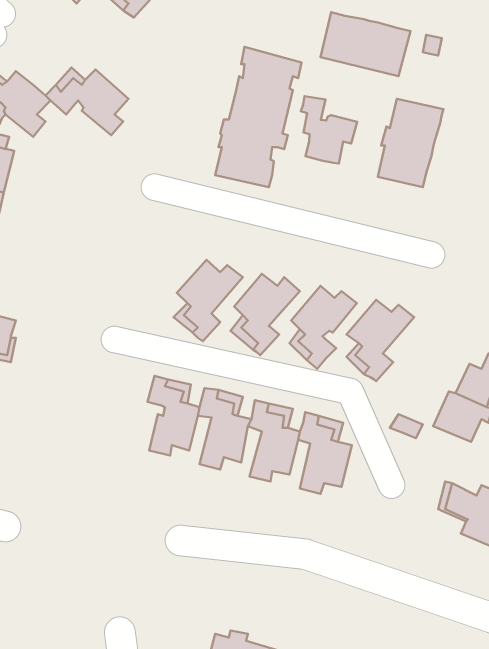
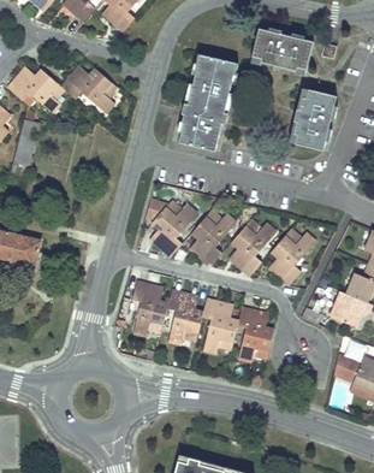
building: [301,96,357,163] -> none

